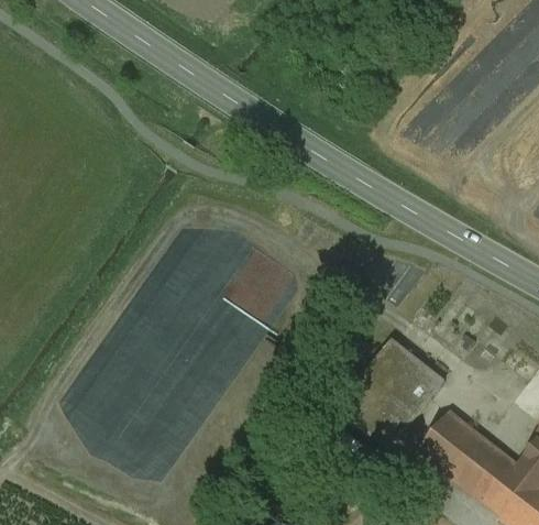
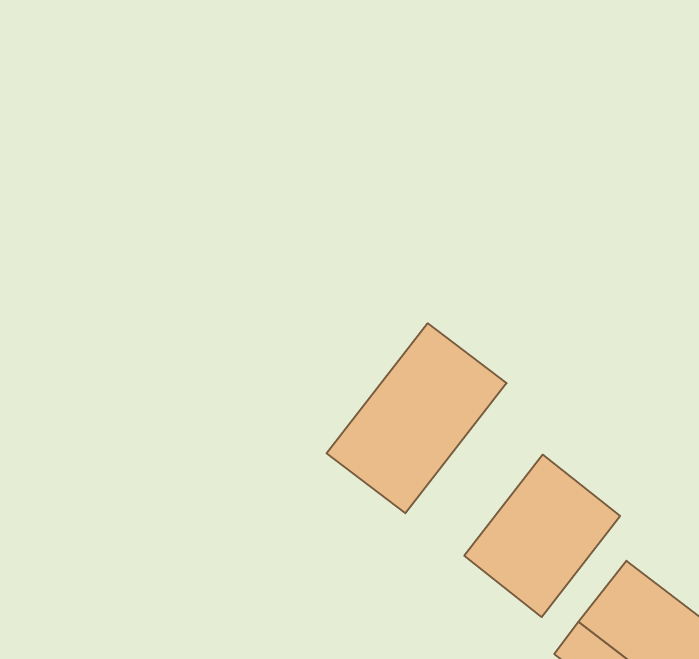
building: none -> [327,323,507,513]

